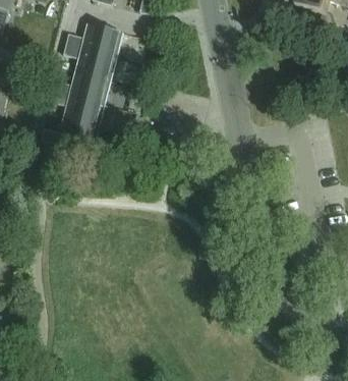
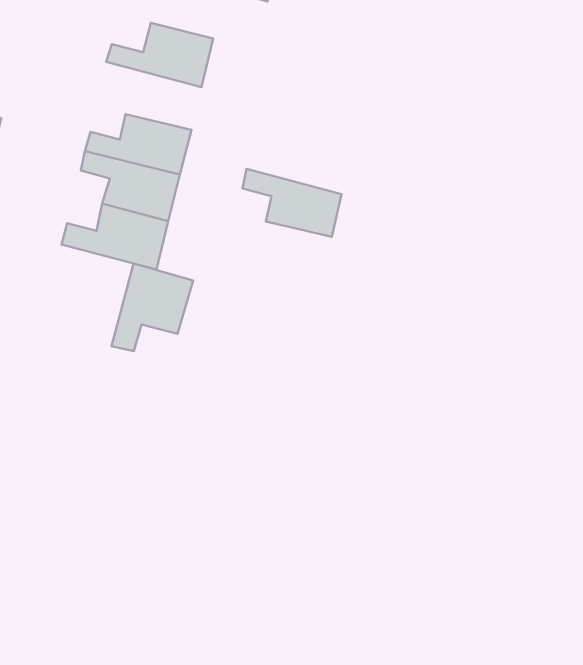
building: [63,44,115,79] -> [242,169,342,237]
building: none -> [112,264,193,351]

